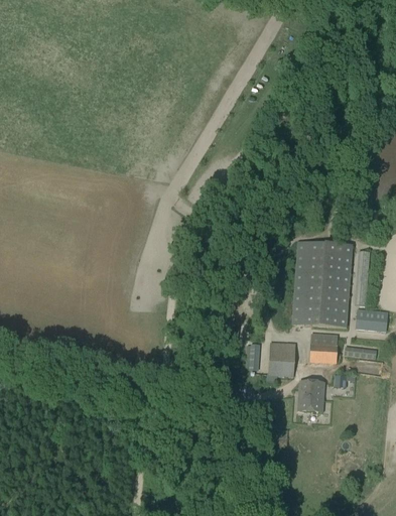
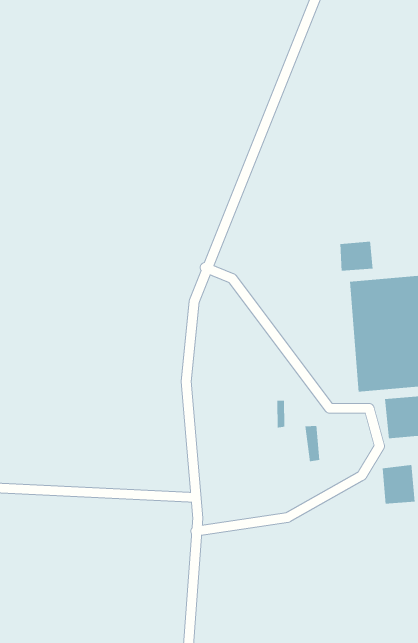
building: none -> [340,241,373,272]
building: [267,342,294,376] -> none

